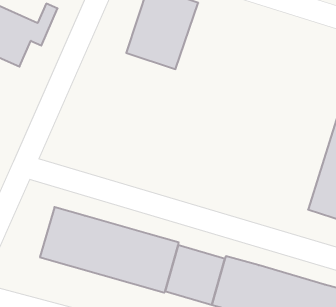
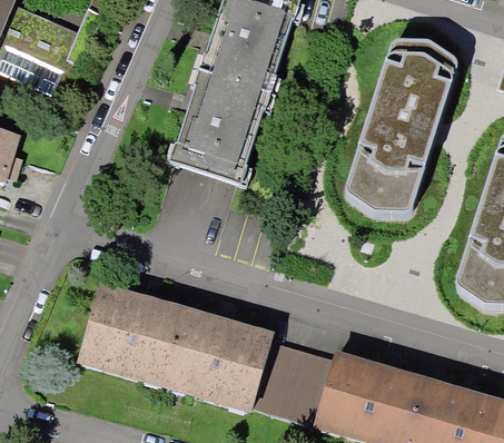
building: none -> [332,29,454,234]
building: none -> [171,75,269,188]

